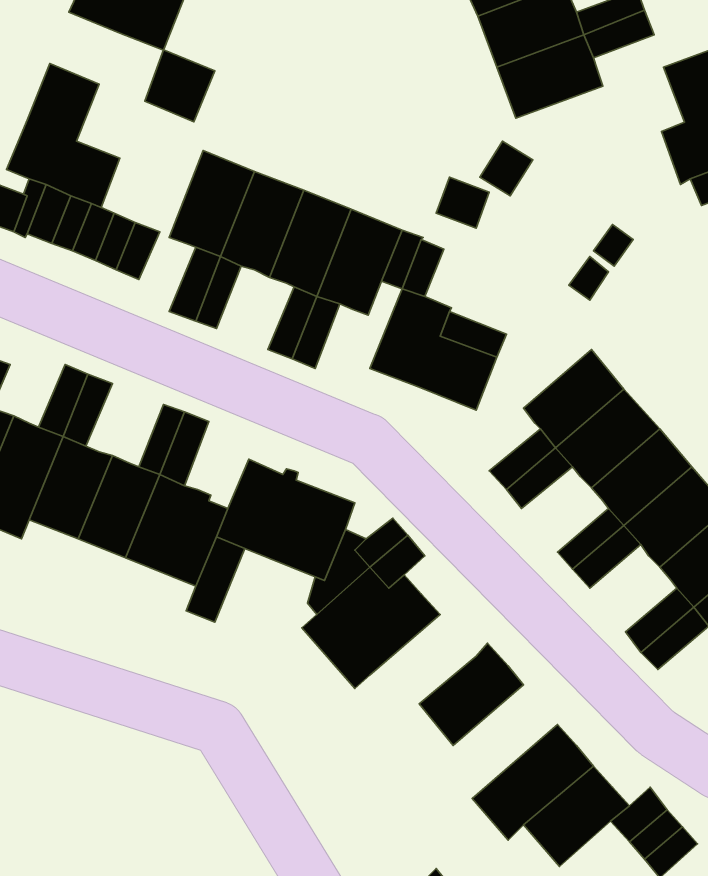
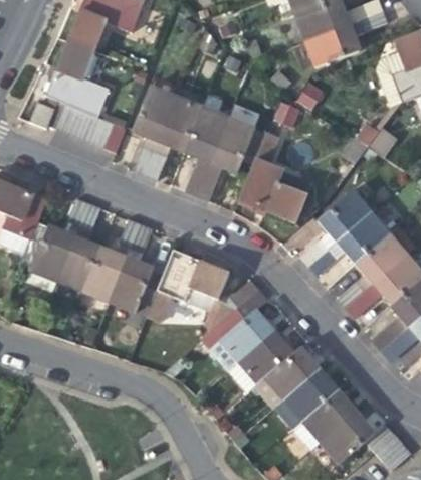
building: [145,50,215,122] -> [68,10,106,48]
building: none -> [238,330,294,383]
building: none -> [274,367,338,428]

